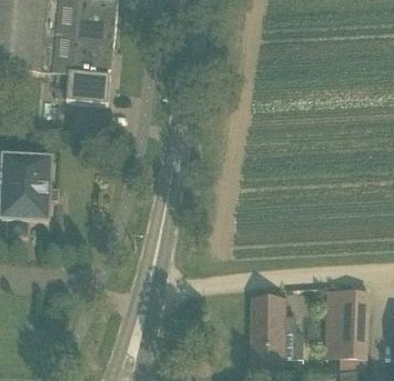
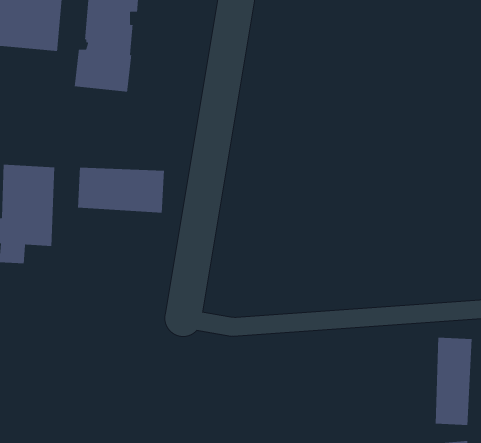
building: none -> [77,167,165,214]
building: [249,297,303,363] -> none

